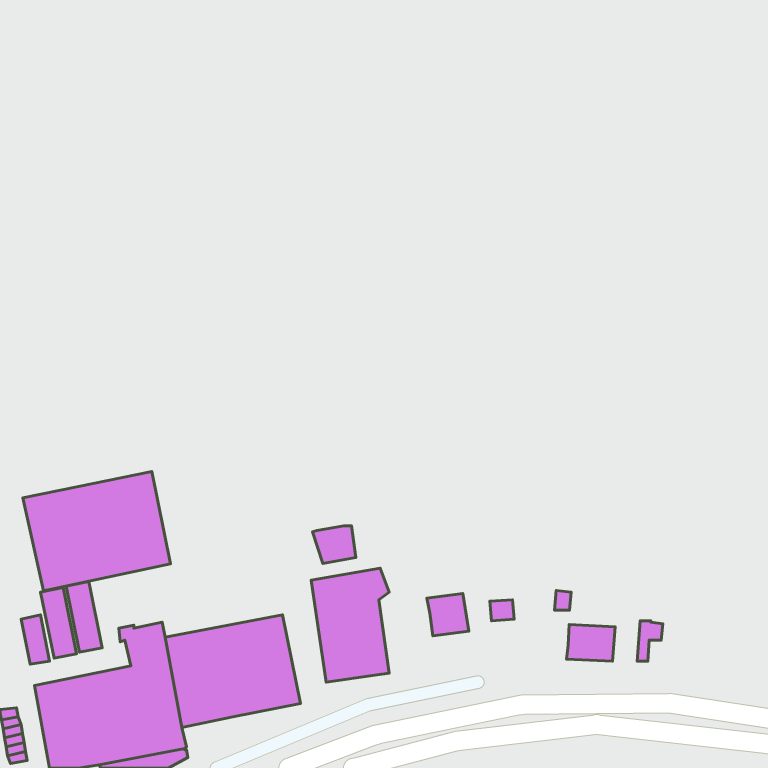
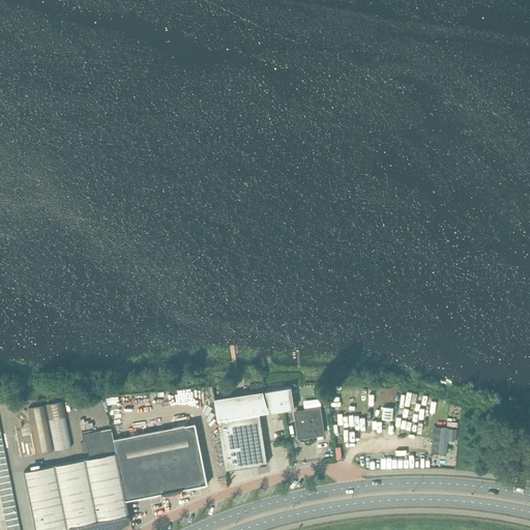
building: [23,471,171,591] -> none
building: [312,526,356,563] -> [264,387,294,413]
building: [567,625,615,661] -> none

